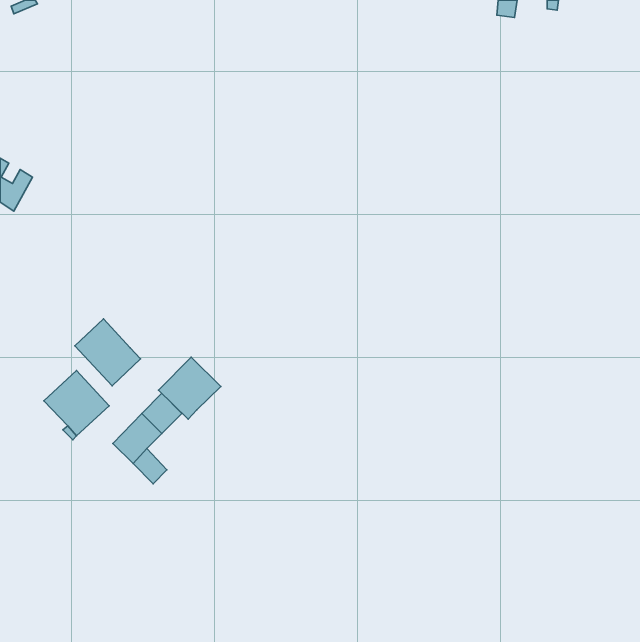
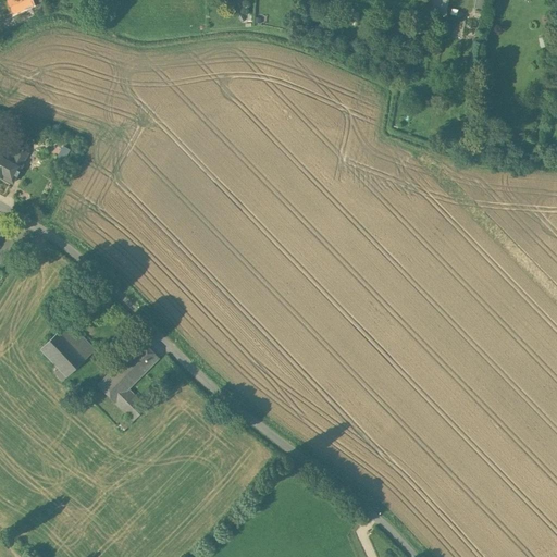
building: [75,319,141,386] -> none
building: [159,357,221,419] -> none

